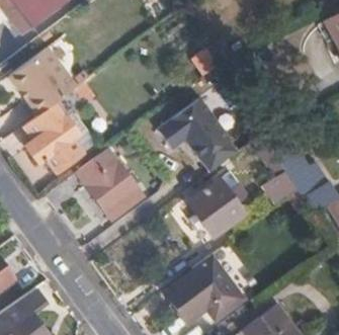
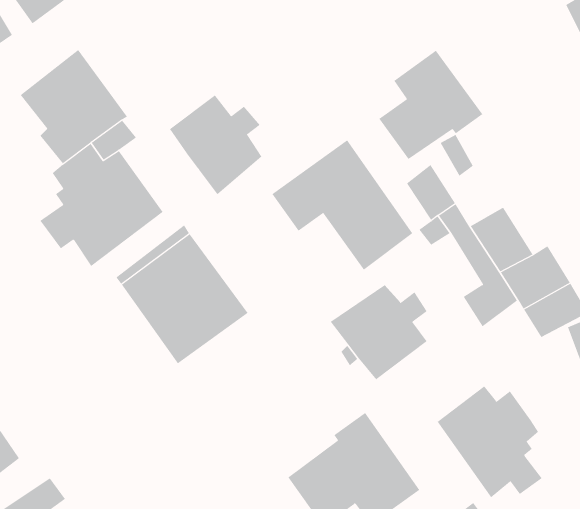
building: none -> [379,50,483,160]
building: none -> [169,94,262,195]
building: none -> [437,385,542,498]

